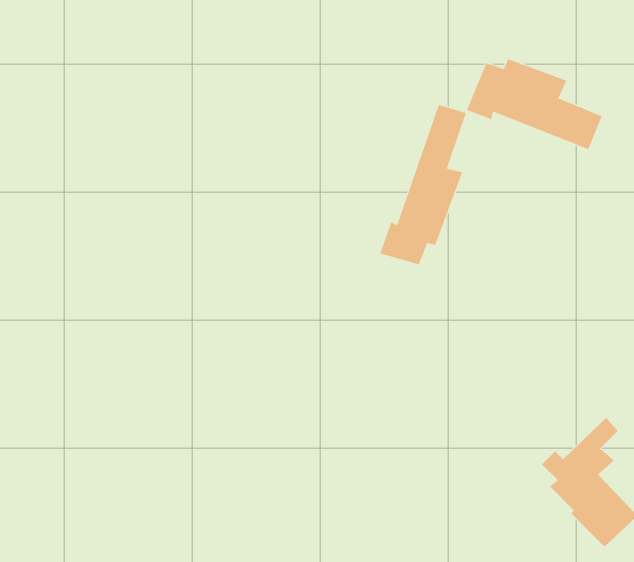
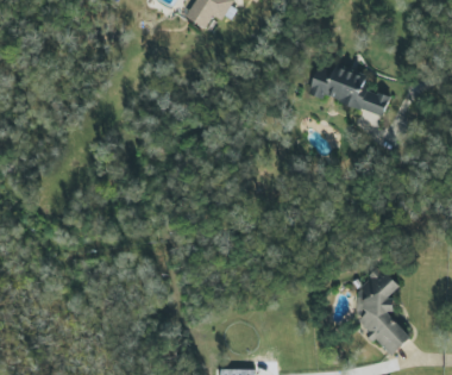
building: [380,104,466,265] -> none

